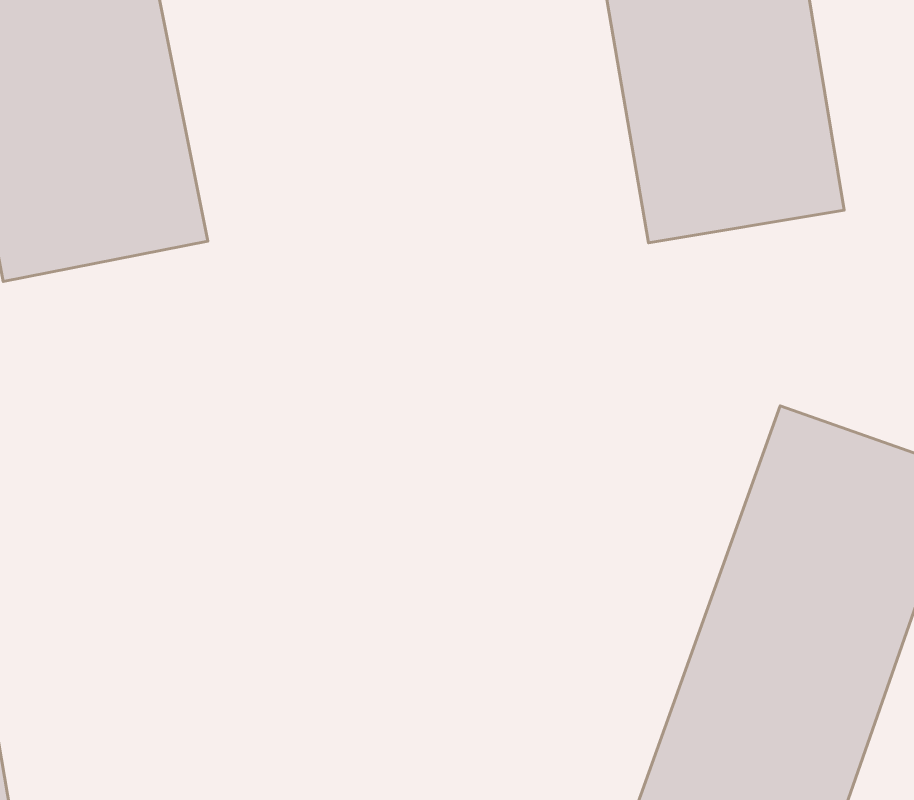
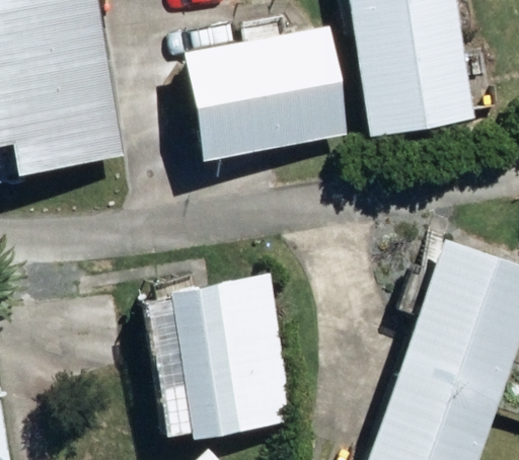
building: none -> [177,18,345,155]
building: none -> [165,277,292,435]

